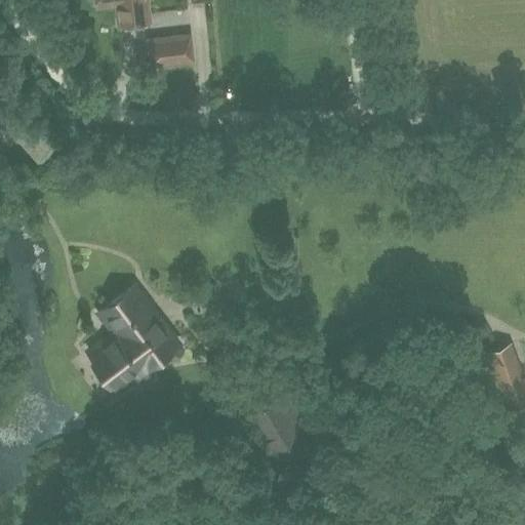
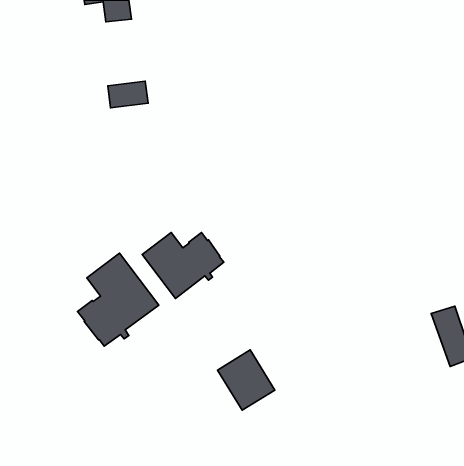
building: [151,36,196,66] -> [108,81,148,108]
building: none -> [142,232,224,299]

